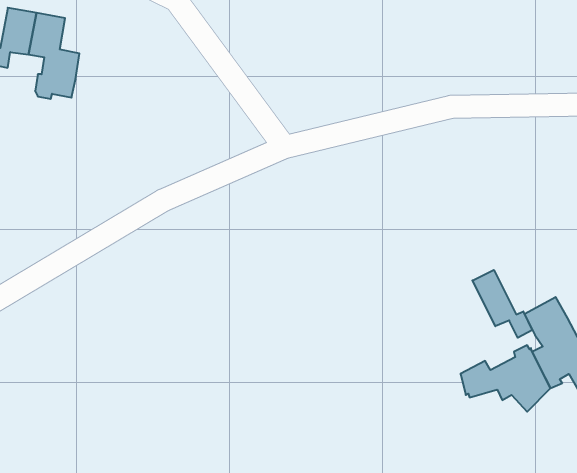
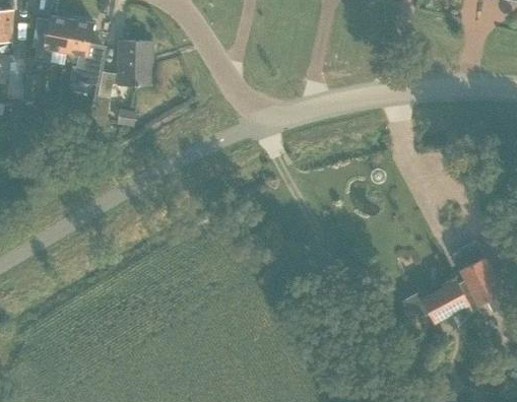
building: none -> [96,41,151,98]
building: [472,270,532,338] -> none

